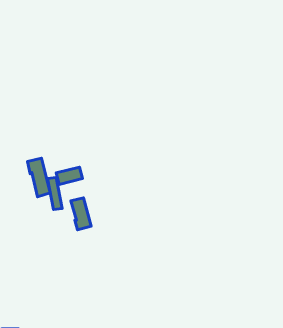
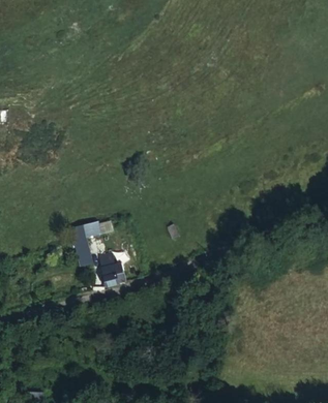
building: [27,158,50,197] -> none

